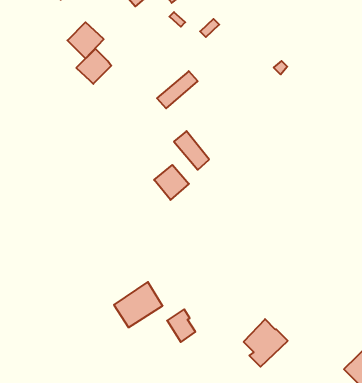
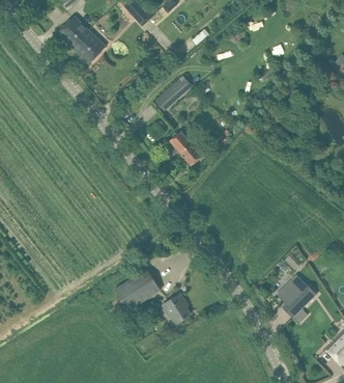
building: [76,49,111,84] -> [57,16,89,48]
building: [154,165,189,200] -> none
building: [244,319,288,367] -> [277,274,317,318]

